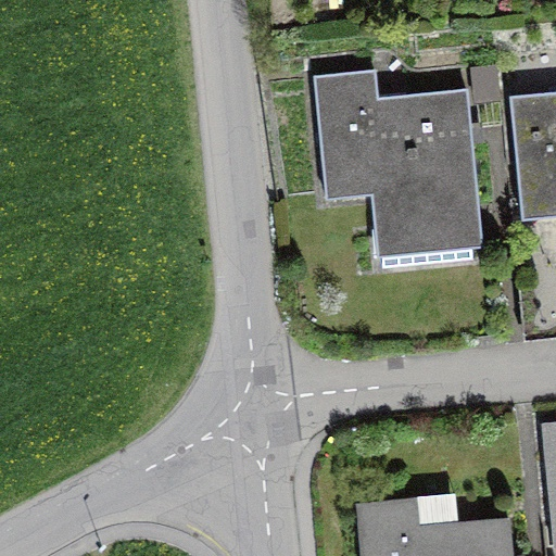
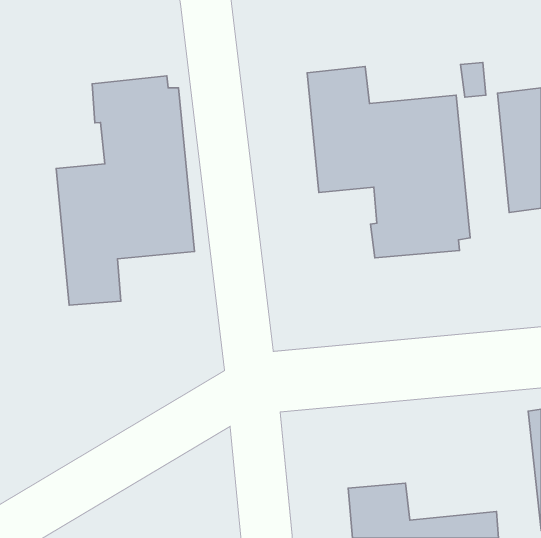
building: none -> [56,76,194,305]

